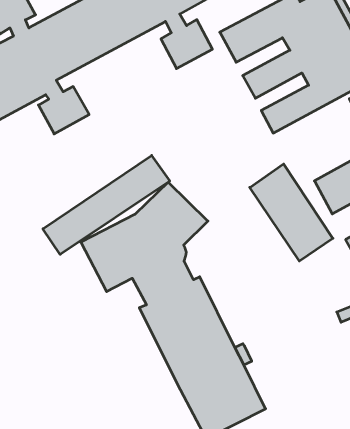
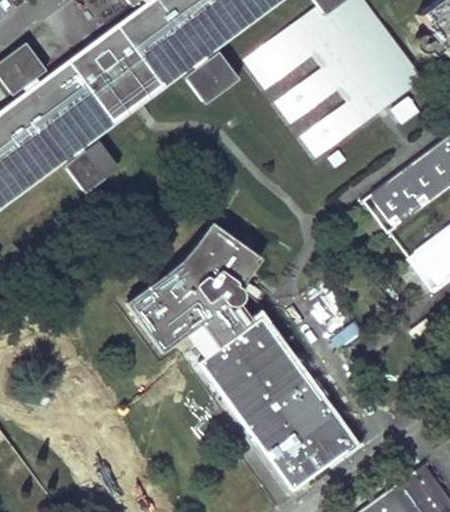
building: [43,155,170,254] -> none
building: [250,164,333,261] -> none

